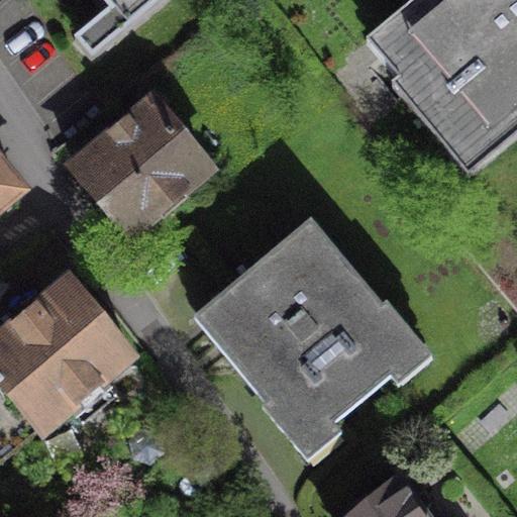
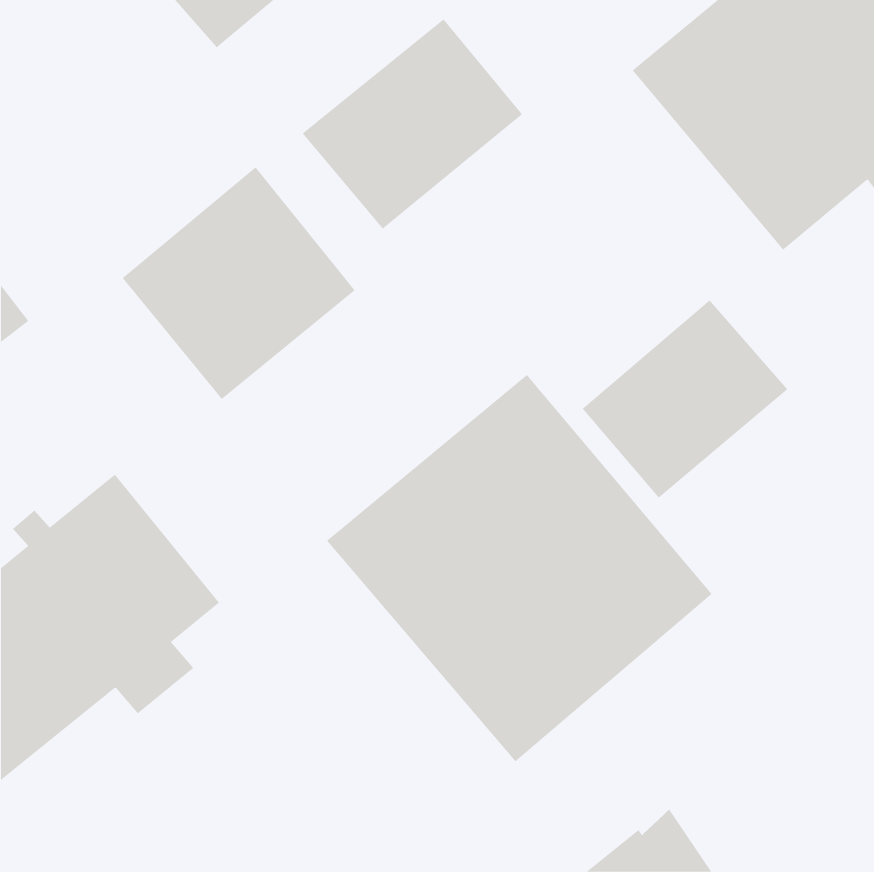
building: none -> [302,18,523,229]
building: none -> [582,299,788,498]

